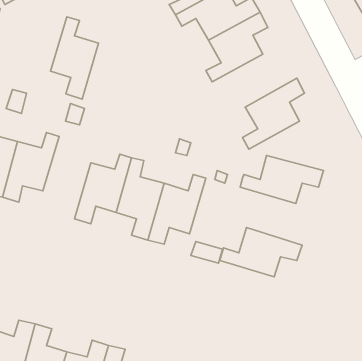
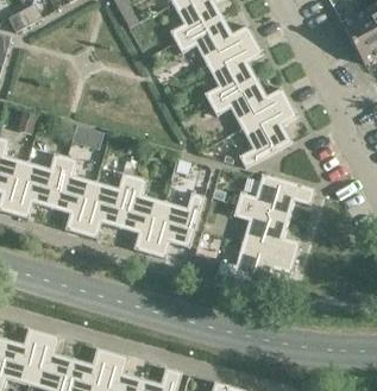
building: [51,17,99,99] -> [50,156,95,233]
building: none -> [209,78,289,128]
building: none -> [233,203,299,258]

